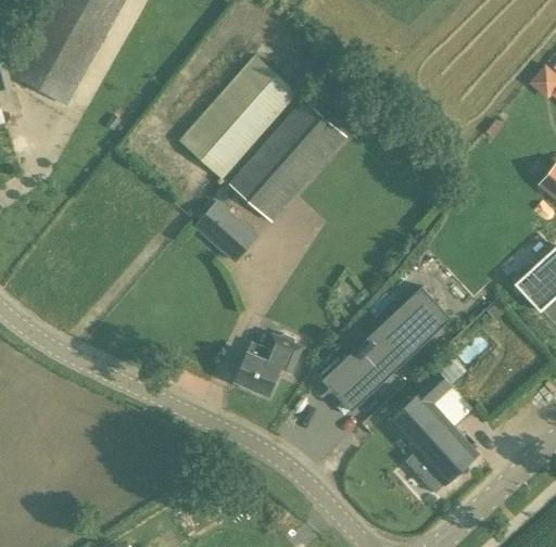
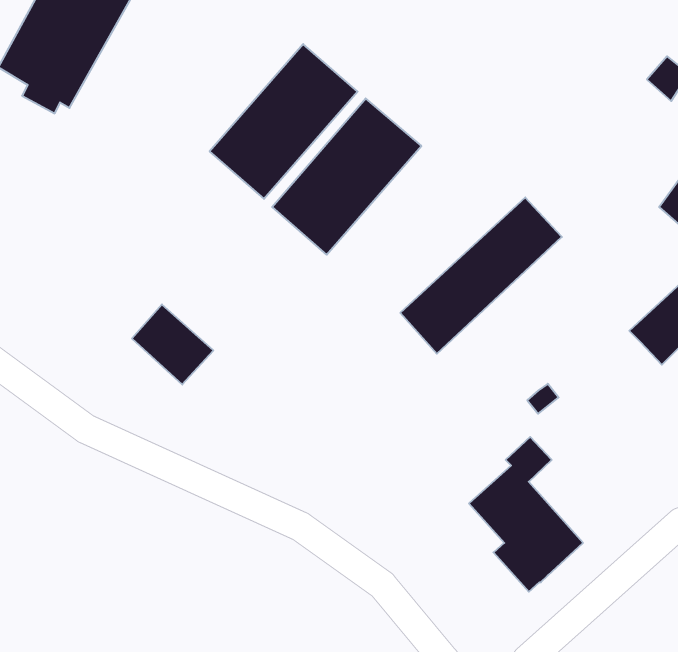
building: [194,199,260,263] -> [132,304,213,385]
building: [321,287,451,411] -> [400,197,562,354]
building: [235,333,304,395] -> none

